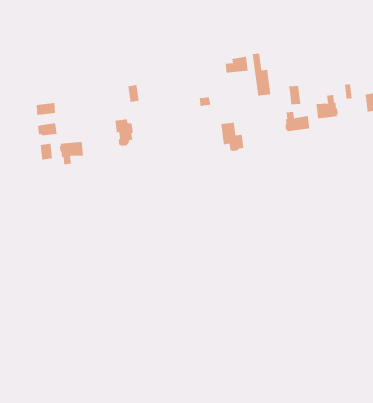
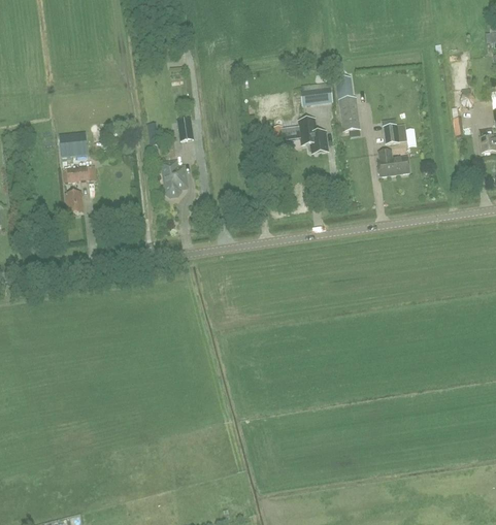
building: [316,94,338,119] -> none
building: [221,122,244,151] -> [298,114,328,152]
building: [59,141,84,165] -> none

